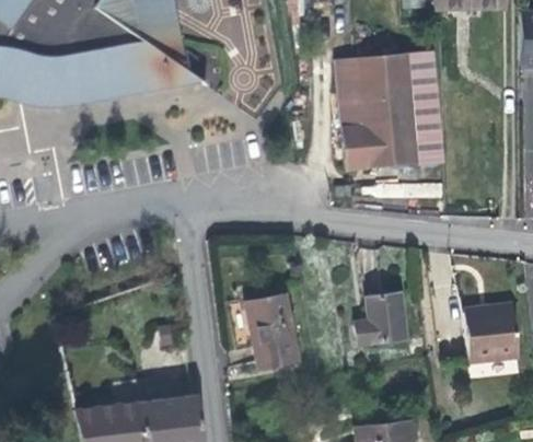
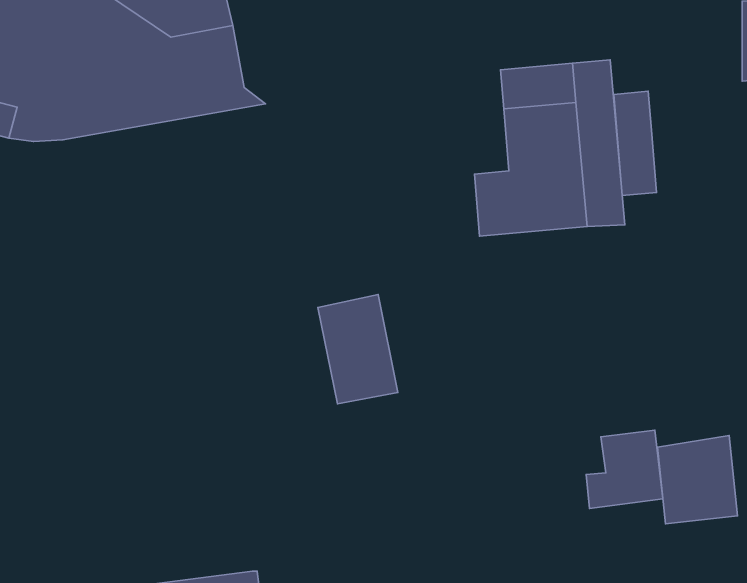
building: [337,58,366,128] -> [614,91,656,196]
building: [356,291,407,344] -> [586,430,663,509]
building: [246,293,300,367] -> [318,294,398,404]

